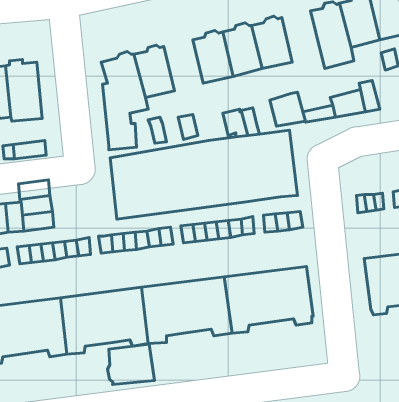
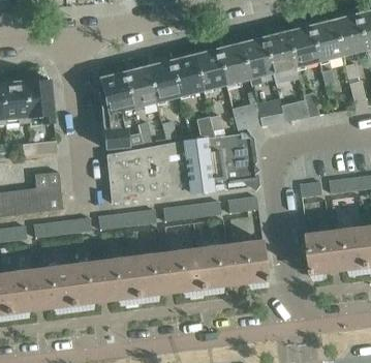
building: none -> [242,36,273,79]
building: none -> [149,60,180,101]
building: [108,344,154,385] -> none

